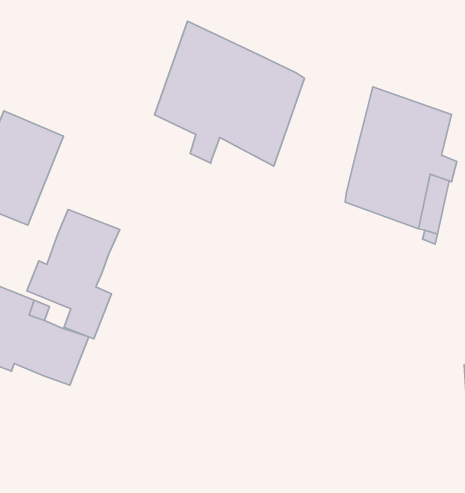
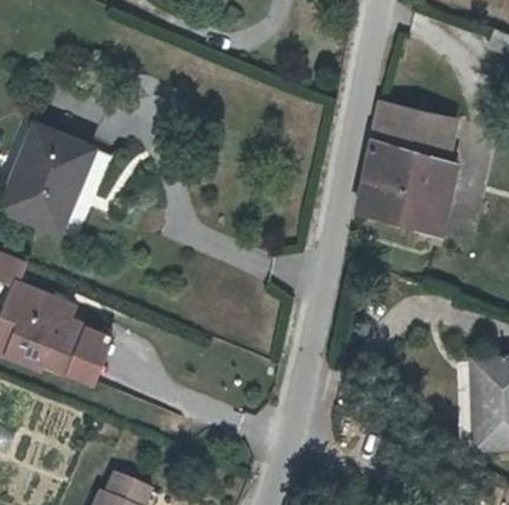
building: [154,21,305,166] -> none
building: [27,210,120,339] -> none

